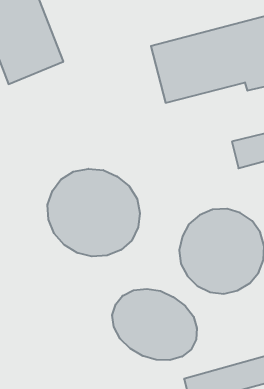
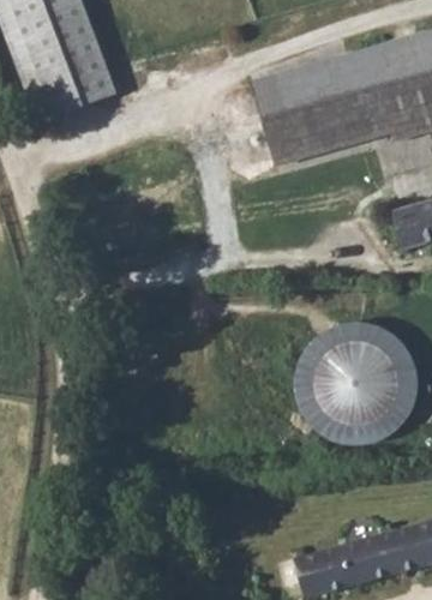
building: [48,169,140,256] -> none
building: [112,289,197,360] -> none

